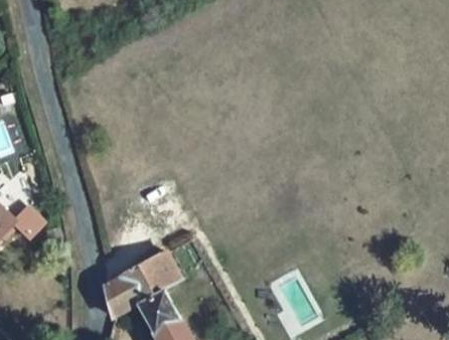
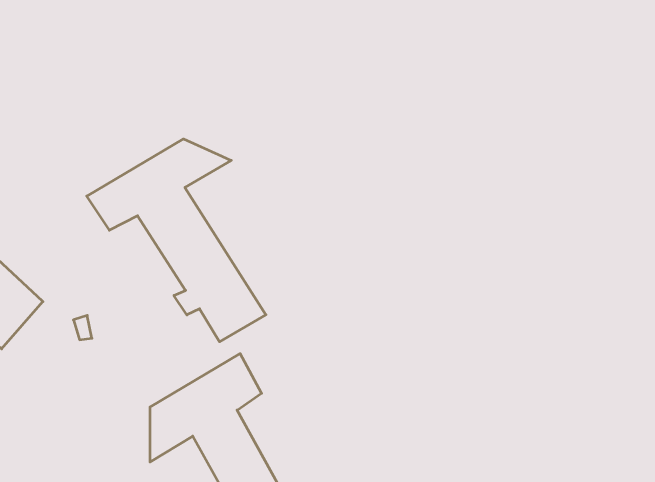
building: none -> [87,139,266,342]

